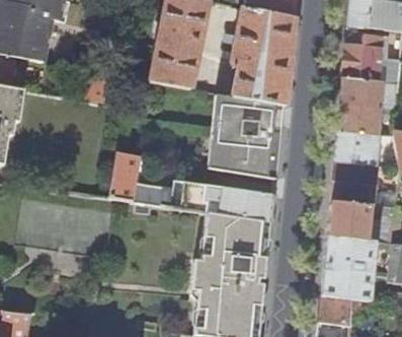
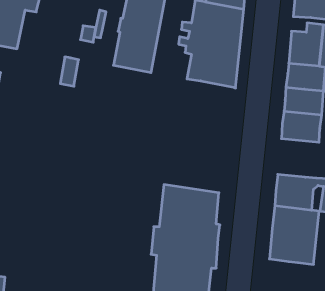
building: [215,94,282,179] -> none
building: [108,152,272,222] -> none
building: [330,161,376,205] -> none
building: [318,294,352,326] -> none

